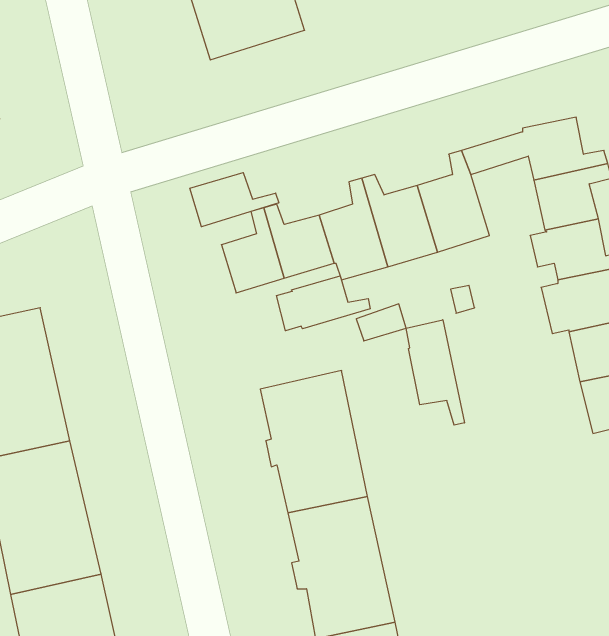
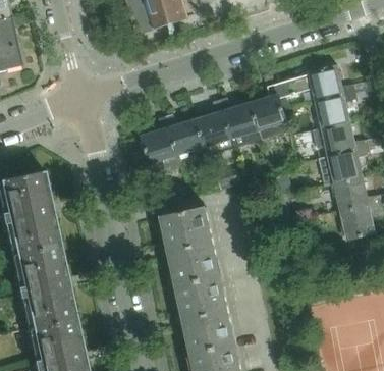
building: [190,173,279,227] -> none
building: [276,276,370,331] -> none
building: [406,320,464,425] -> none

